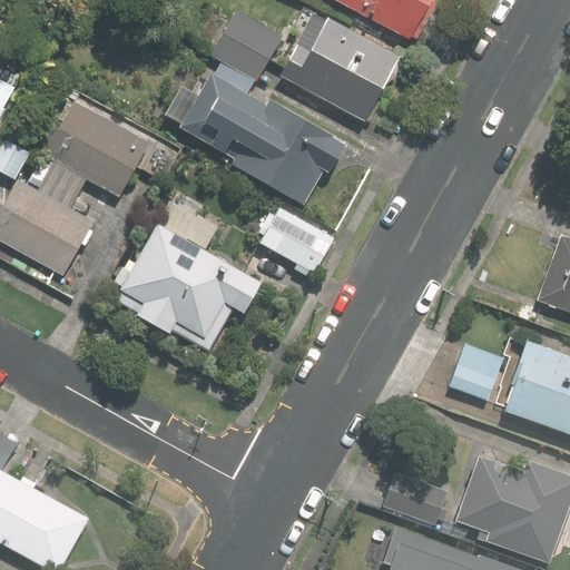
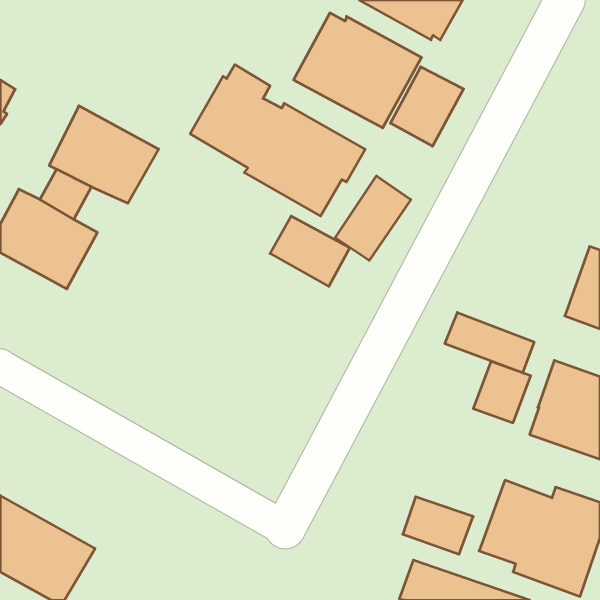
building: [212,7,284,79] -> none
building: none -> [390,67,464,146]
building: none -> [335,176,411,260]
building: [115,222,259,351] -> none
building: none -> [445,312,534,373]

